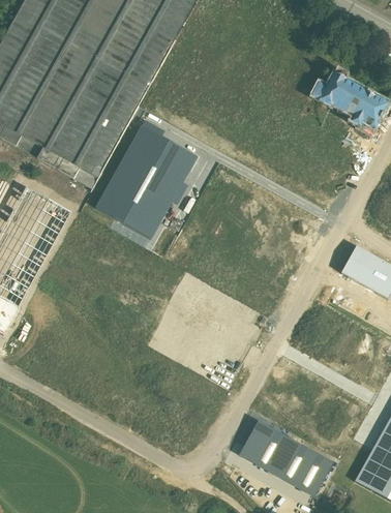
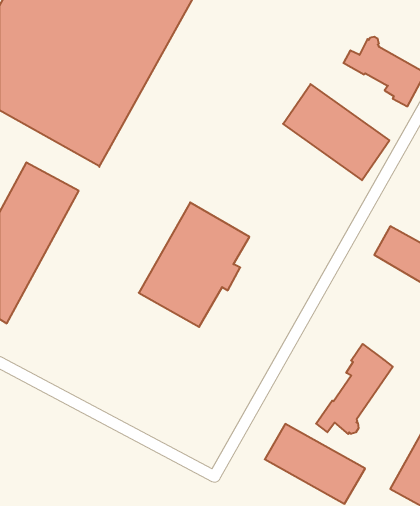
building: none -> [283,84,389,180]
building: [95,125,196,238] -> [139,202,249,327]
building: none -> [316,344,393,434]

